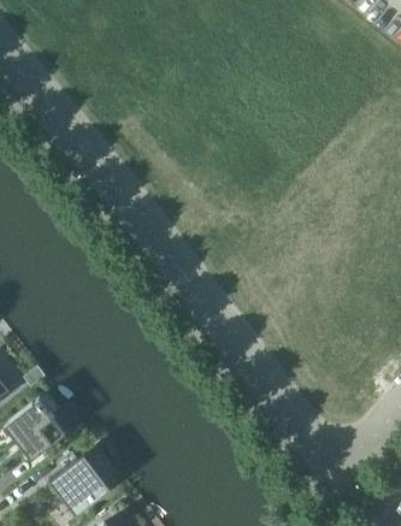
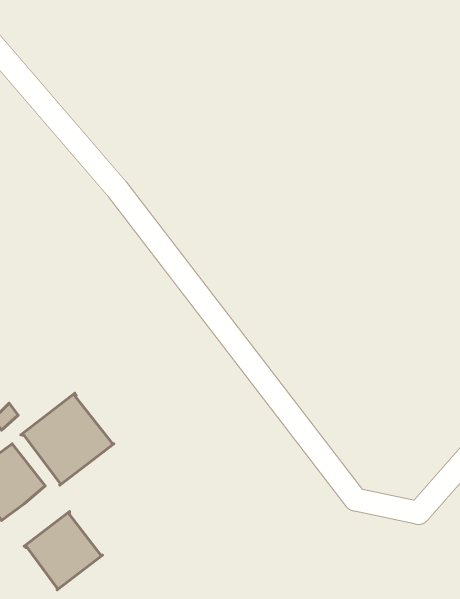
building: none -> [21,393,114,485]

